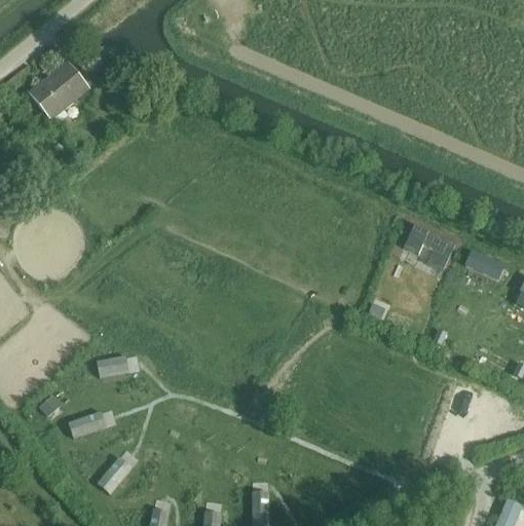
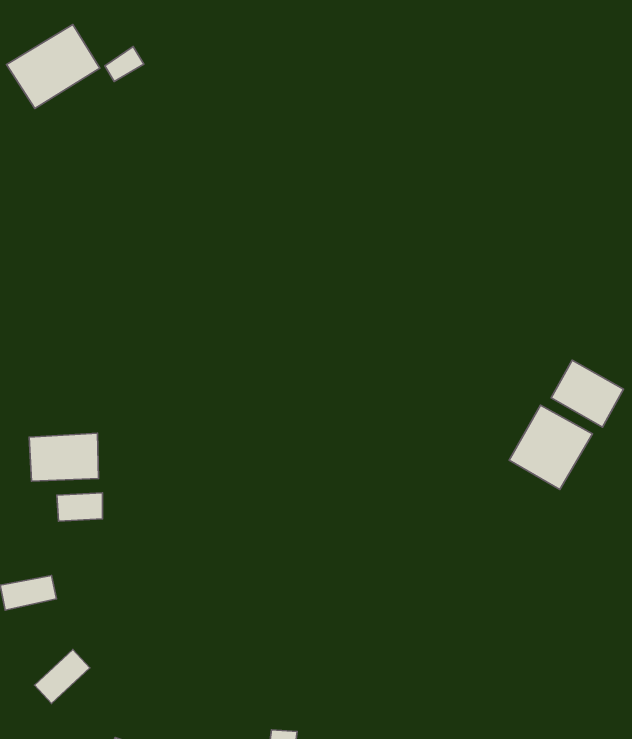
building: none -> [509,405,592,490]
building: none -> [29,433,99,481]

